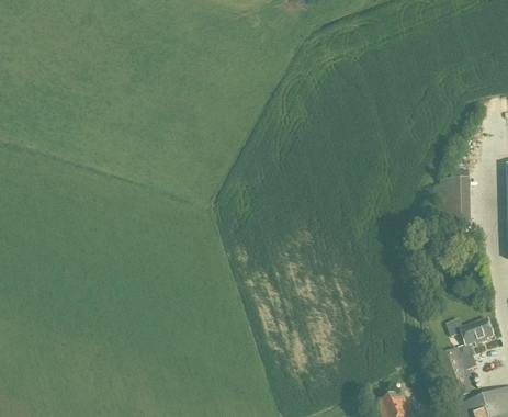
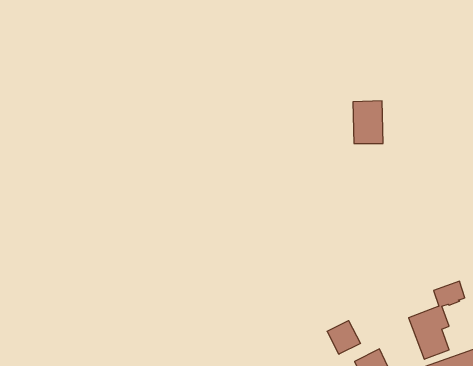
building: [438,176,470,221] -> [353,101,383,143]
building: none -> [327,321,360,354]

